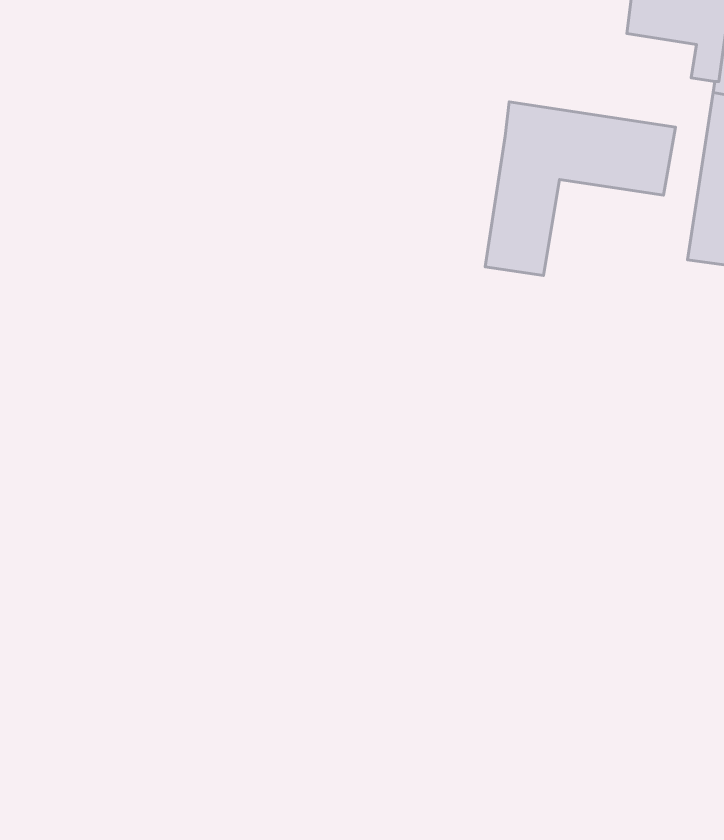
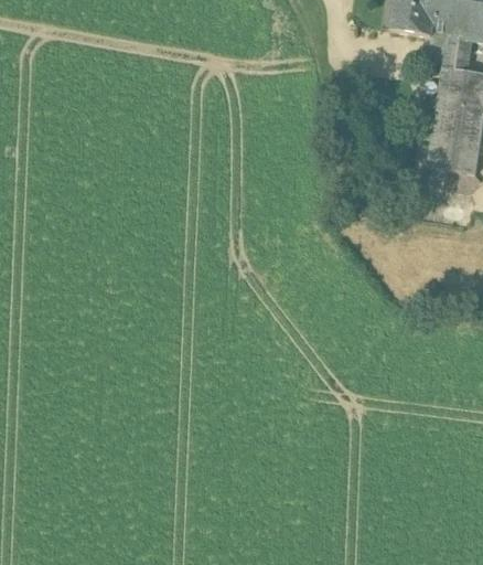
building: [485,102,676,276] -> none

